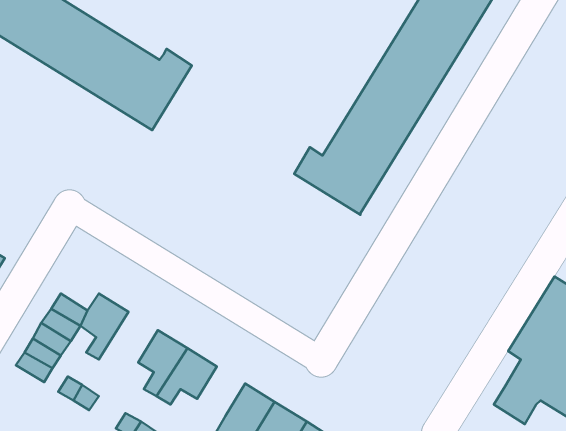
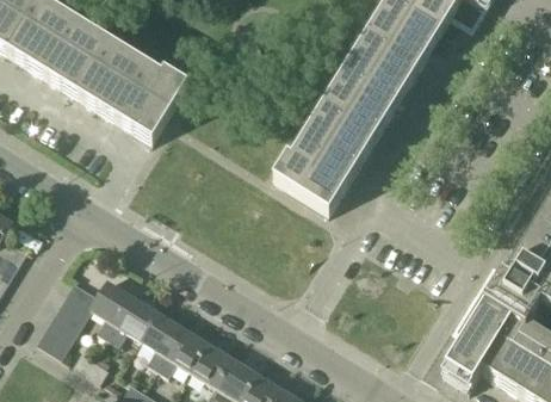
building: none -> [106,292,156,340]
building: none -> [190,339,230,381]

